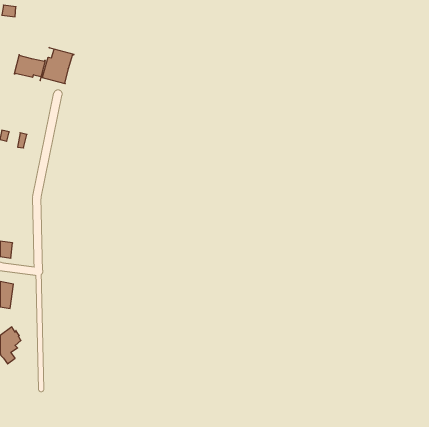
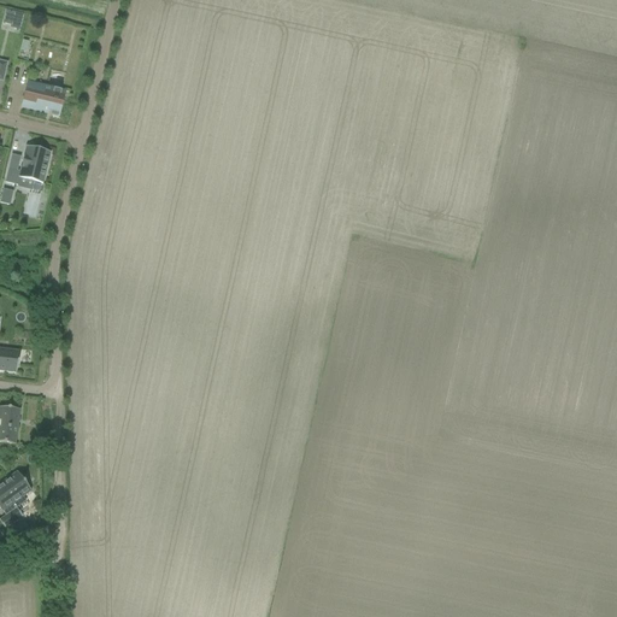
building: [41,48,74,84] -> none
building: none -> [5,143,49,183]

